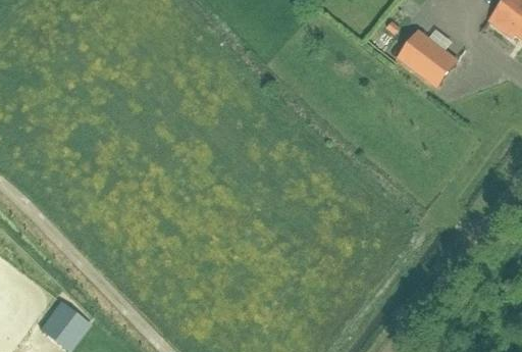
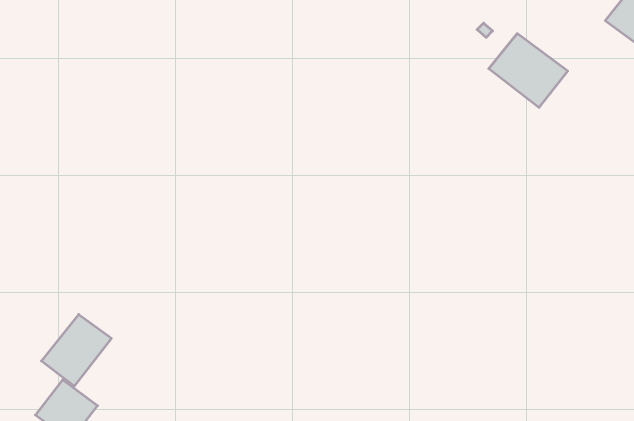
building: none -> [41,314,111,386]

